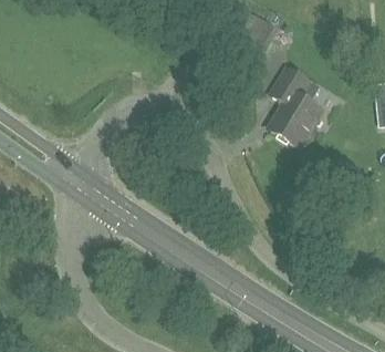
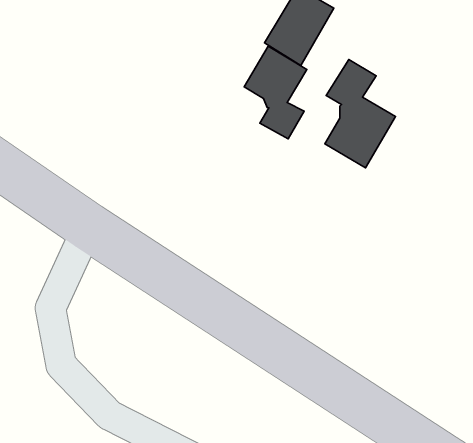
building: none -> [244,46,307,139]

